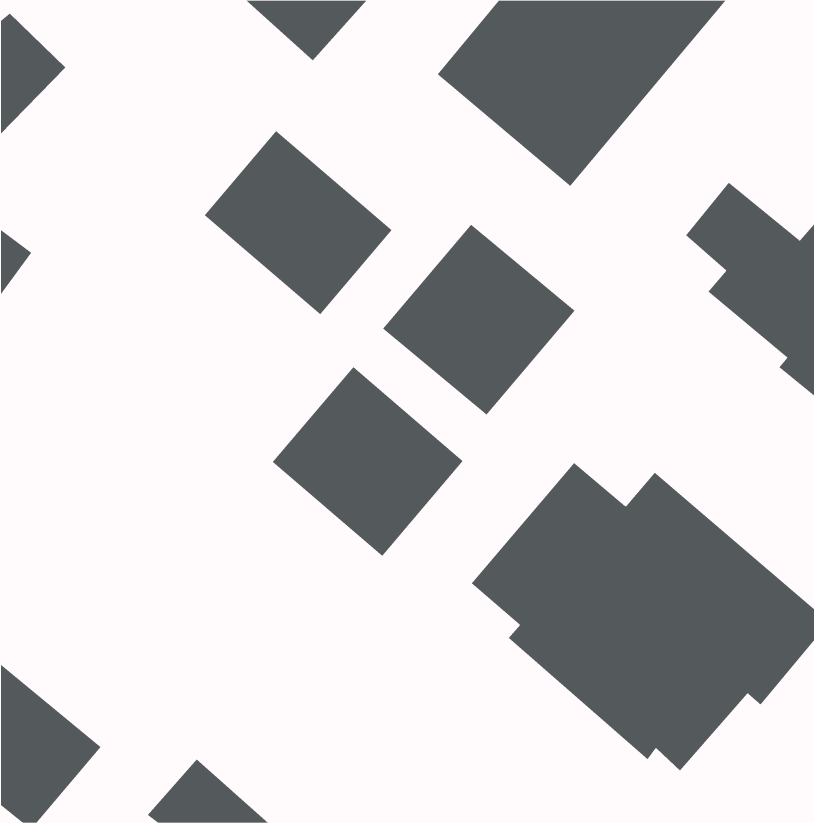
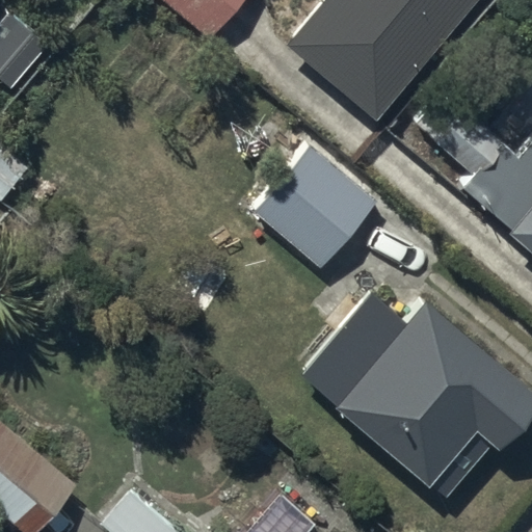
building: [204,130,392,315] -> none
building: [272,366,464,557] -> none

